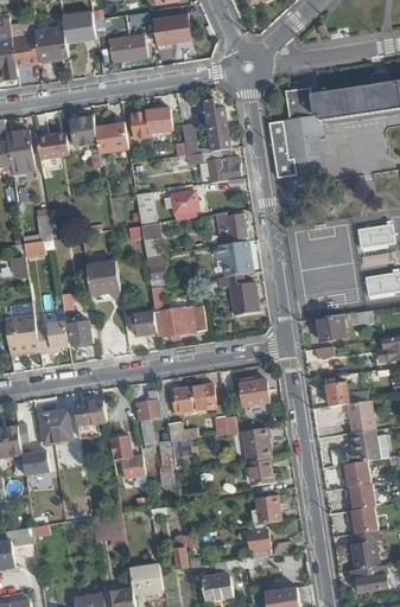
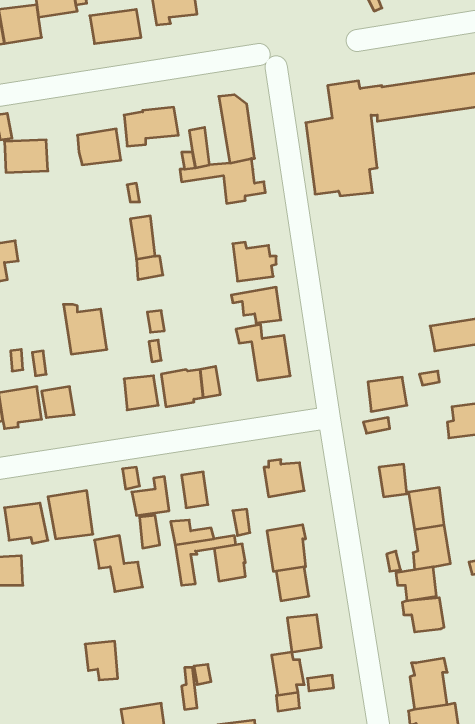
building: [70,117,96,146] -> none
building: [170,191,197,219] -> none
building: [357,223,393,245] -> none
building: [191,383,215,411] -> [214,544,245,581]
building: [344,506,375,532] -> none

